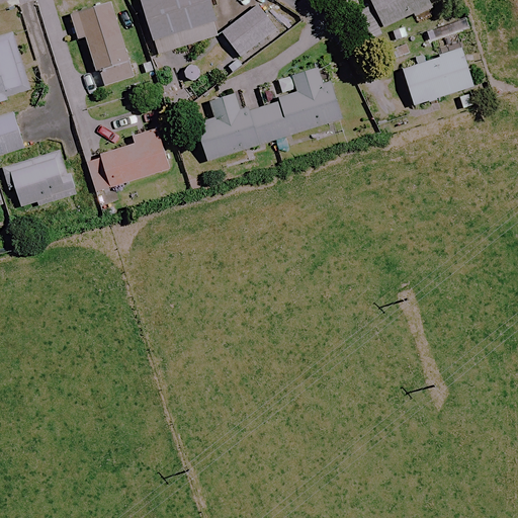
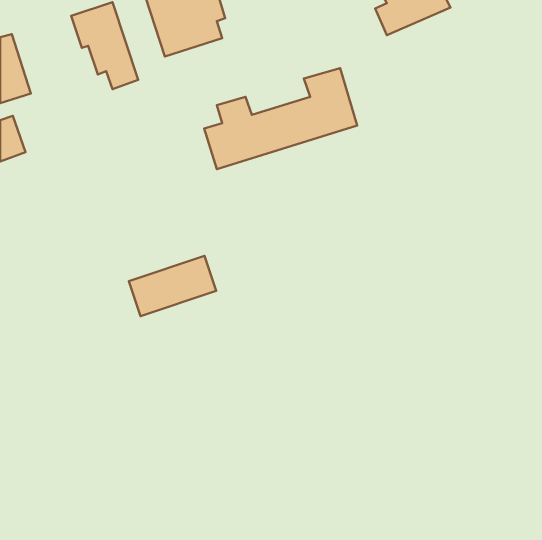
building: [224,7,275,56] -> none
building: [404,50,474,104] -> none
building: [85,135,168,192] -> [129,256,216,316]
building: [5,150,78,205] -> none

